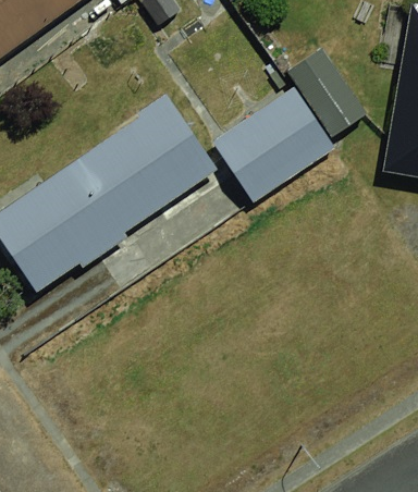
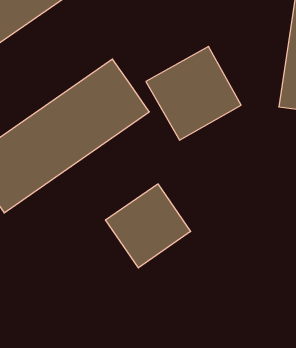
building: none -> [105,184,191,268]

